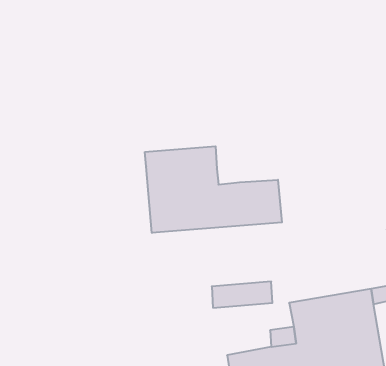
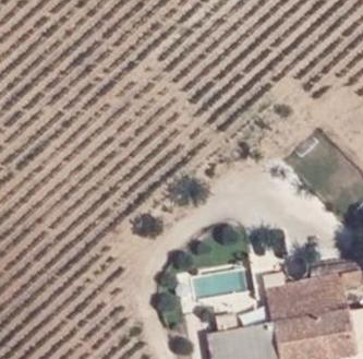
building: [145,146,282,233] -> none

